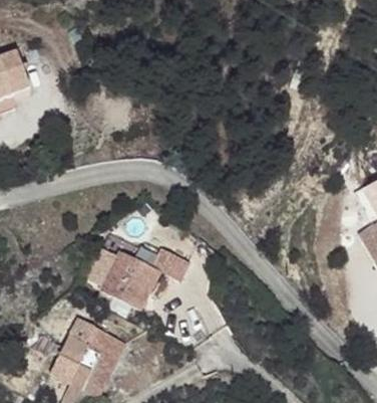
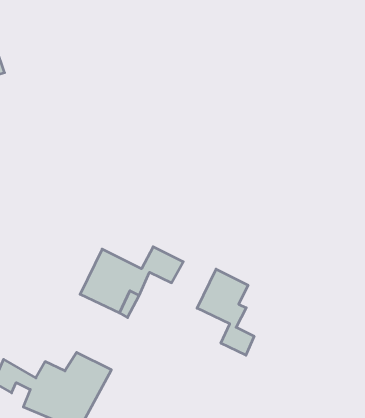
building: none -> [197,269,254,355]

